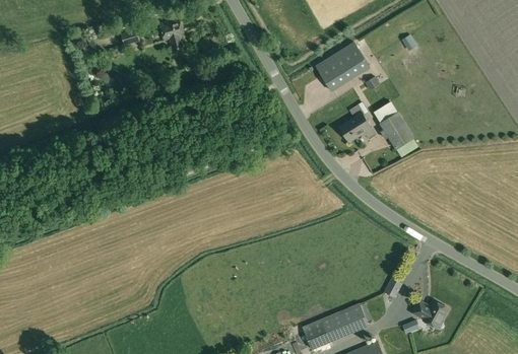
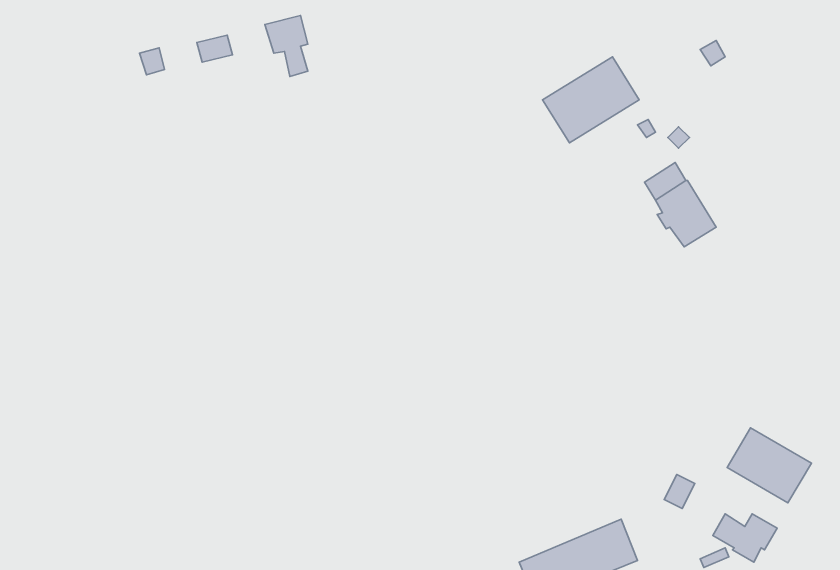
building: [337,104,375,143] -> none
building: none -> [727,428,811,503]

